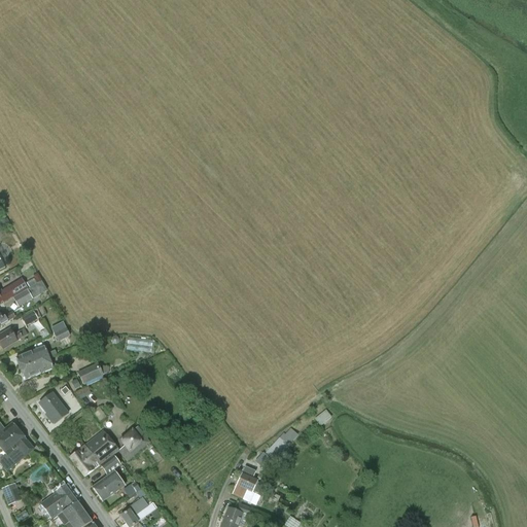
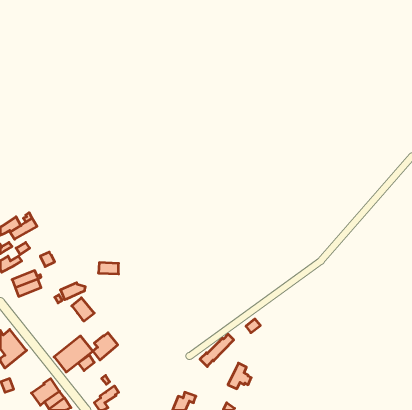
building: [39,392,68,422] -> [72,298,94,321]
building: [232,464,261,497] -> [228,363,251,389]
building: [92,470,125,500] -> none

